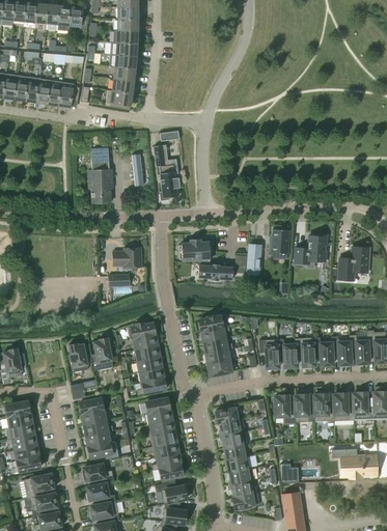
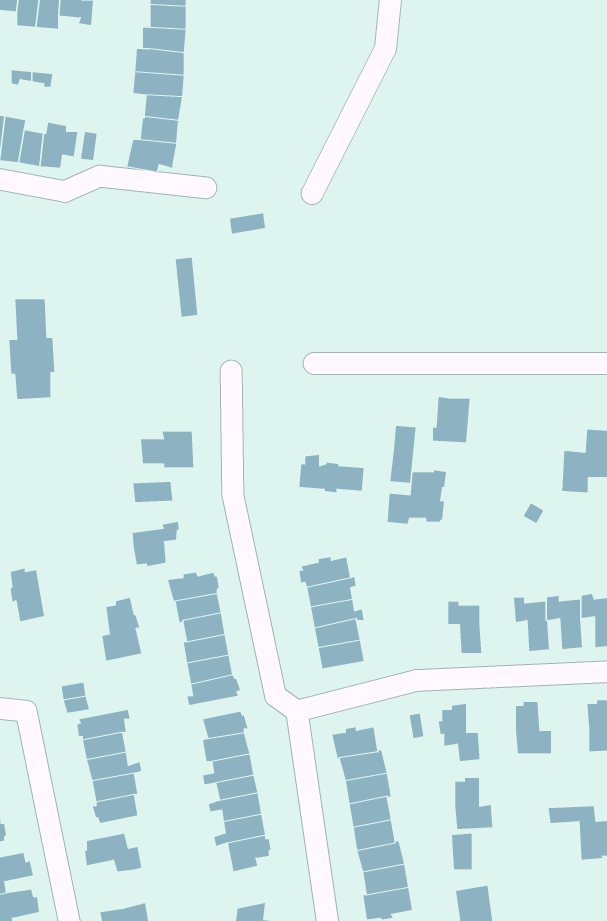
building: [153,144,179,200] -> none
building: [87,148,112,202] -> [9,299,55,399]
building: [295,234,327,263] -> [387,470,447,524]
building: [178,239,213,261] -> none
building: none -> [132,521,180,567]
building: [295,336,314,366] -> none
building: [258,338,278,367] -> none
building: [68,342,87,371] -> [10,568,45,622]
building: [333,392,353,420] -> none
building: [294,393,314,421] -> [455,777,493,830]
building: [154,480,187,503] -> none
building: [85,482,115,503] -> none

